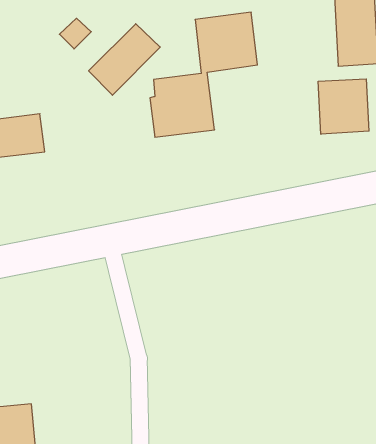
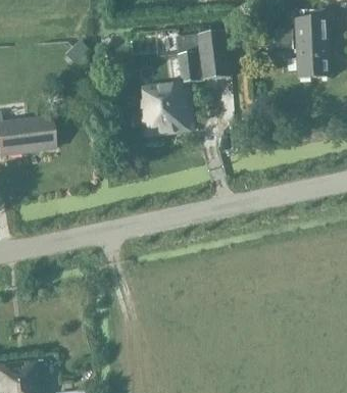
building: [89,24,160,95] -> none
building: [318,79,369,134] -> none

